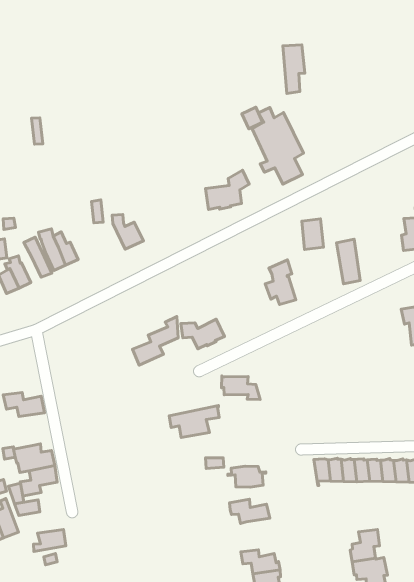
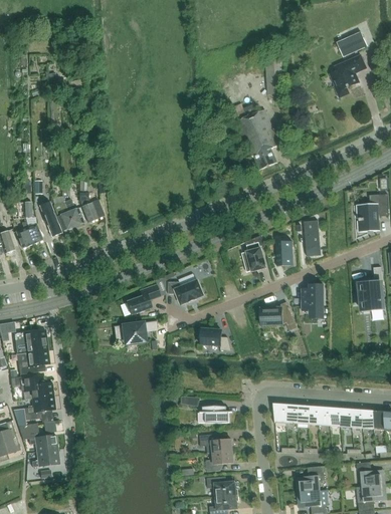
building: none -> [337,31,367,57]
building: none -> [330,55,366,95]
building: [206,170,249,210] -> none
building: [112,215,144,249] -> [78,193,104,222]
building: [302,219,324,249] -> [275,241,292,266]
building: none -> [301,284,323,310]
building: none -> [259,302,297,330]
building: [169,406,219,438] -> [114,320,156,345]
building: none -> [17,350,49,374]
building: none -> [28,435,57,452]
building: none -> [205,451,233,470]

